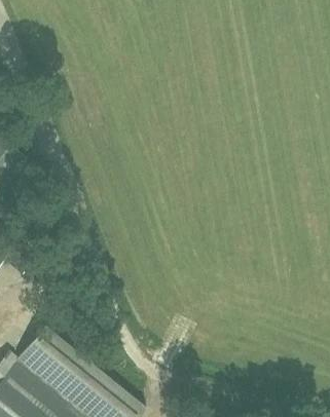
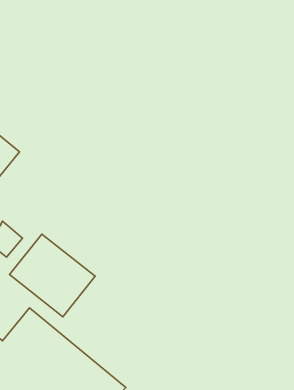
building: none -> [10,234,95,317]

